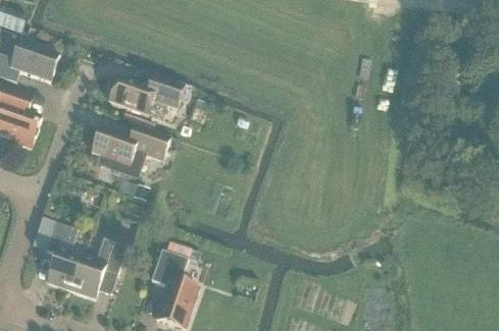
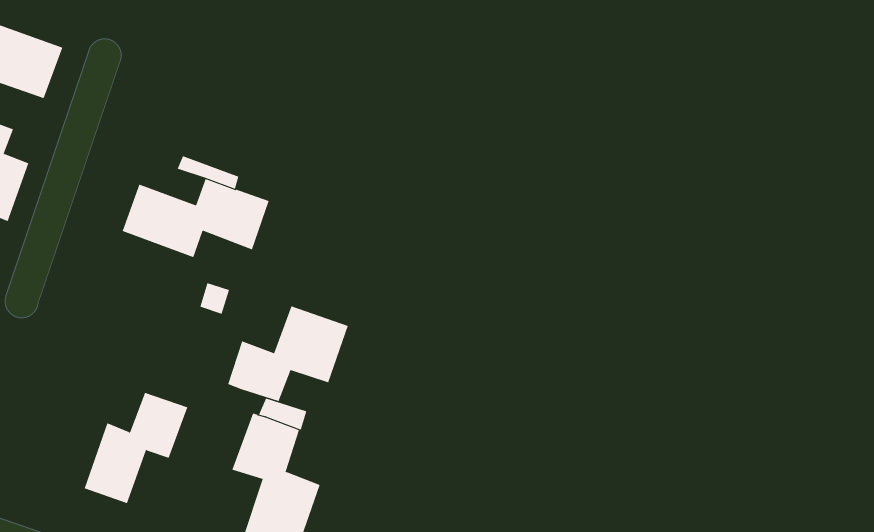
building: [108,74,184,116] -> none
building: none -> [227,306,349,402]
building: [44,222,83,291] -> none

